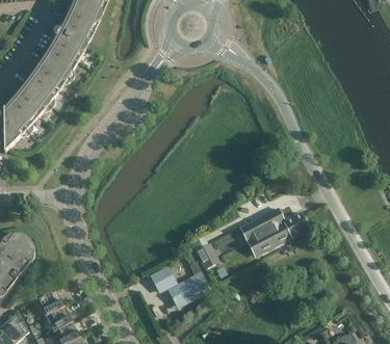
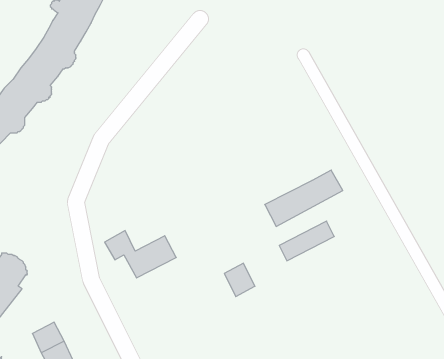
building: [244,211,308,257] -> [265,170,343,226]
building: [150,266,208,305] -> [105,231,176,278]

